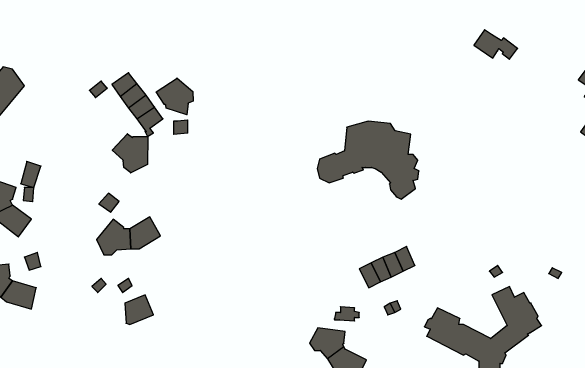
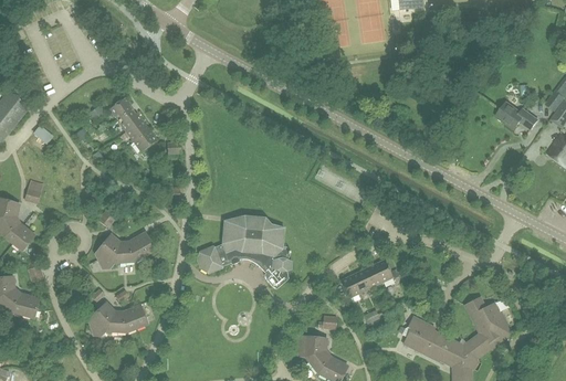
building: [474,30,518,59] -> [496,102,537,129]
building: [156,78,193,115] -> none
building: [317,121,419,199] -> [197,214,292,287]
building: [112,134,148,173] -> none
building: none -> [88,301,123,335]

